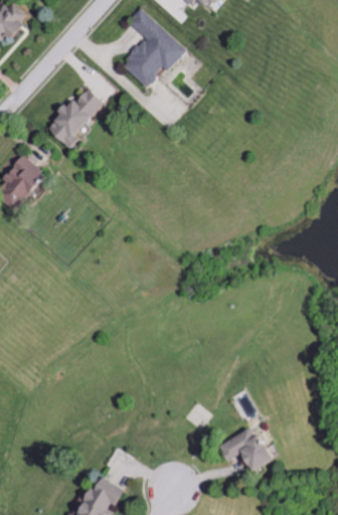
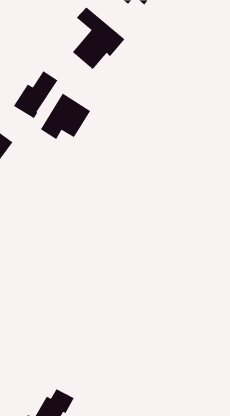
building: none -> [40,93,91,140]
building: [220,430,278,472] -> none

